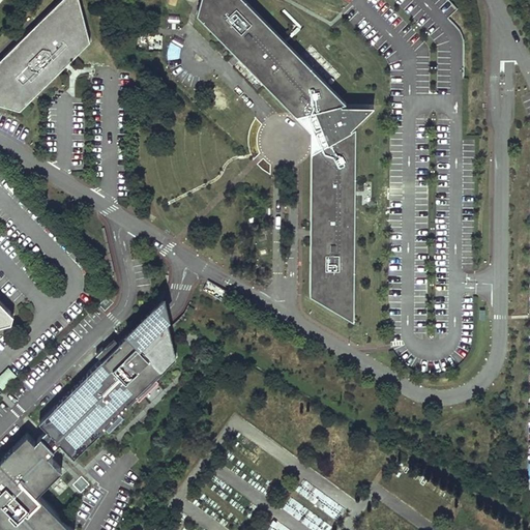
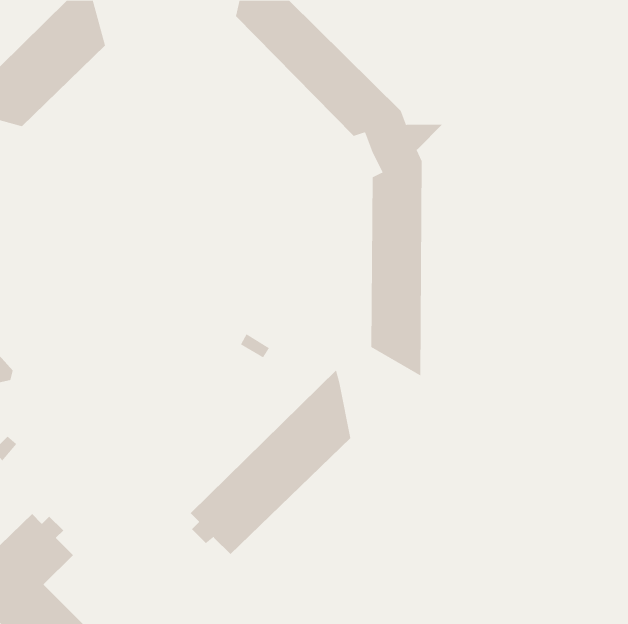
building: [40,303,176,460] -> [190,369,351,555]

